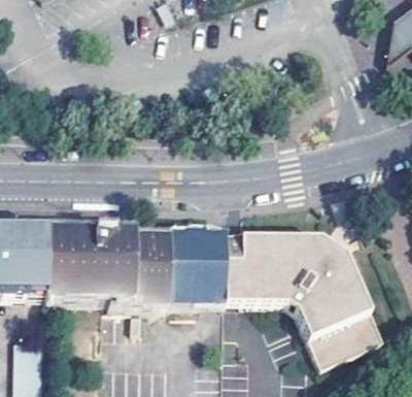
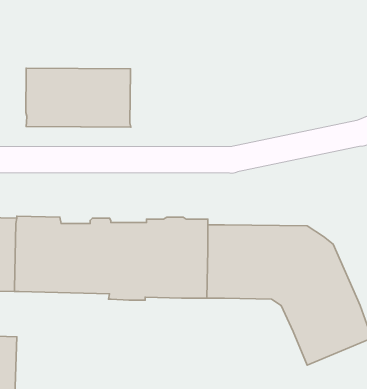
building: none -> [26,68,131,127]

